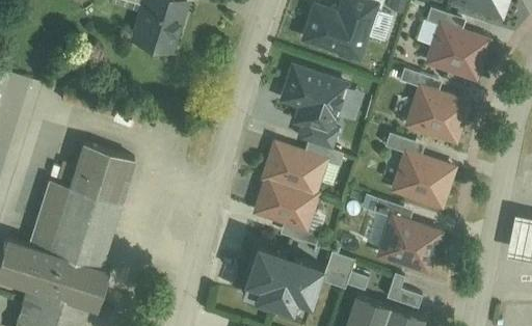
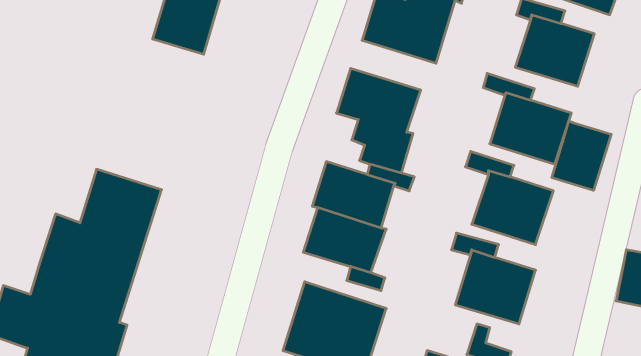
building: none -> [552,121,611,190]
building: [321,252,367,290] -> none

